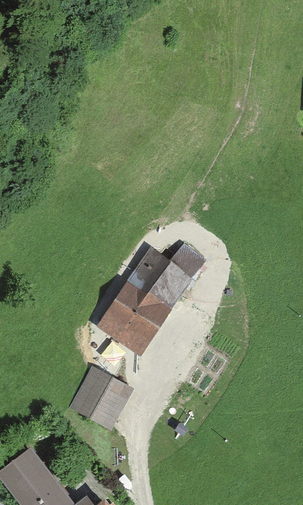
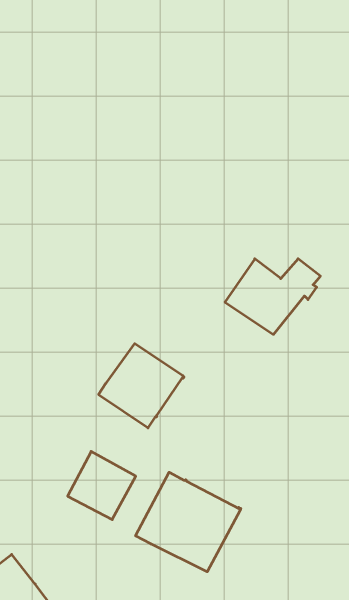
building: [127,248,204,309] -> [225,259,320,334]
building: none -> [136,472,241,572]

